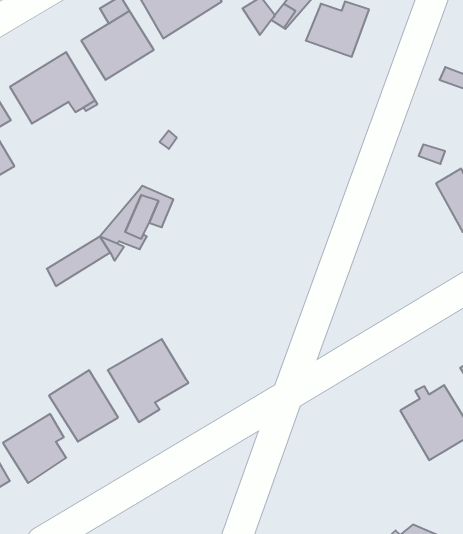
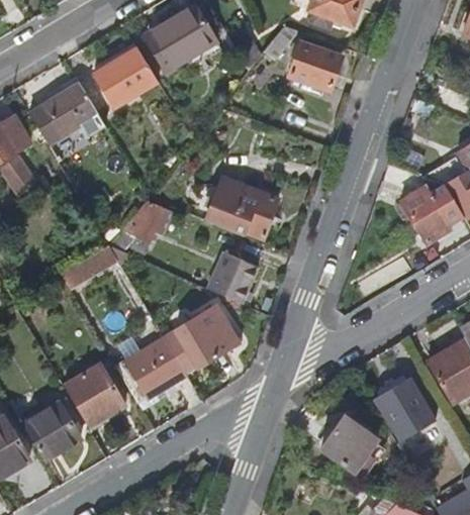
building: none -> [191,177,279,238]
building: none -> [206,251,258,303]
building: none -> [164,305,238,371]
building: none -> [324,414,387,469]

